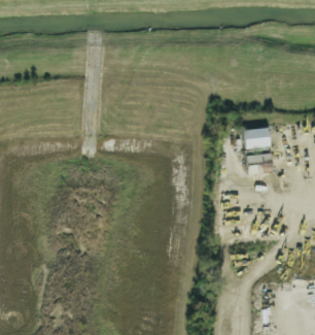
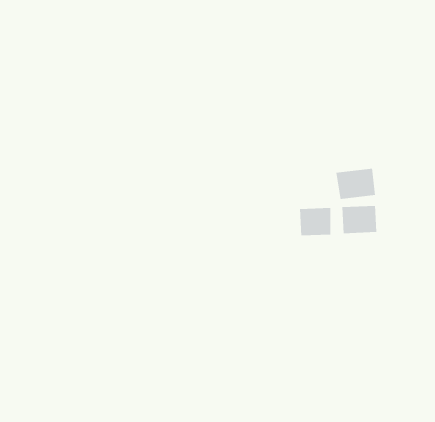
building: none -> [300,207,331,236]

